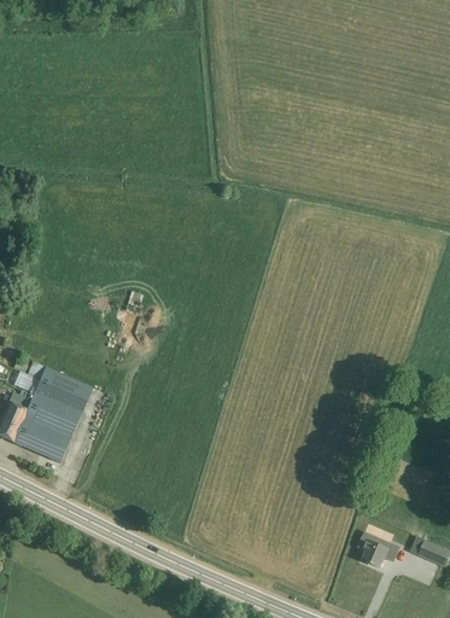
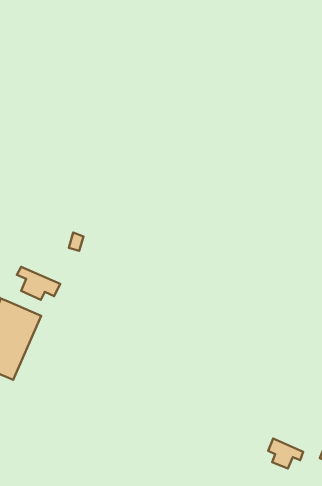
building: none -> [17,267,60,300]

